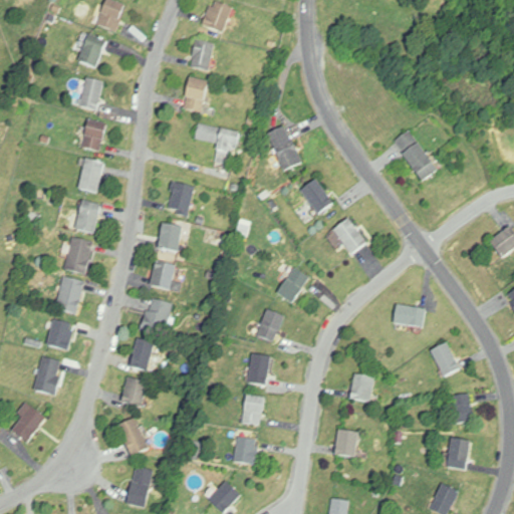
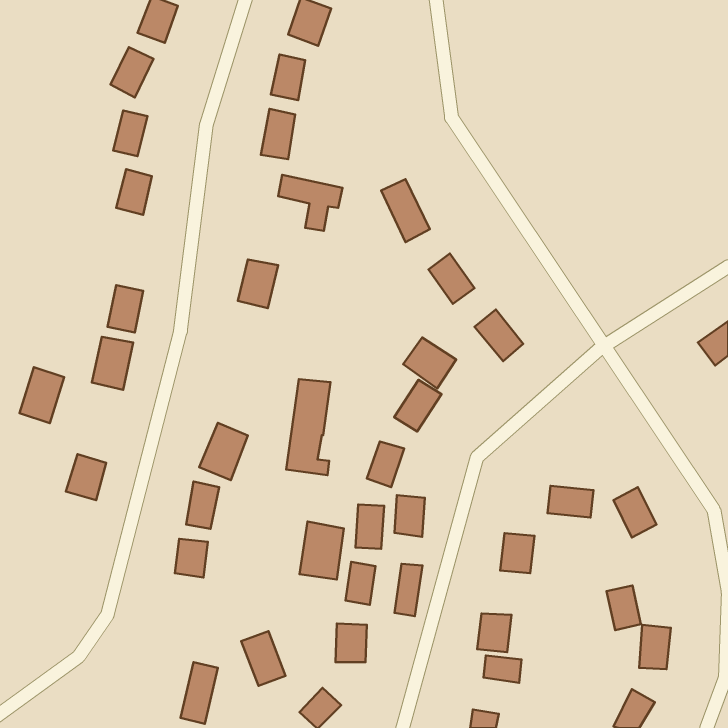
building: [394,130,437,180] -> none
building: [77,158,104,192] -> none
building: [152,224,183,291] -> [286,379,330,475]
building: none -> [403,338,456,389]
building: [54,275,85,314] -> [20,367,64,423]
building: [394,304,426,326] -> [548,486,593,517]
building: none -> [394,495,425,537]
building: [34,356,62,395] -> none
building: none -> [300,521,344,580]
building: [450,393,474,424] -> [607,586,641,630]
building: none -> [395,564,422,616]
building: [8,403,46,442] -> none
building: [116,417,148,455] -> [241,631,286,686]
building: none -> [484,655,522,683]

